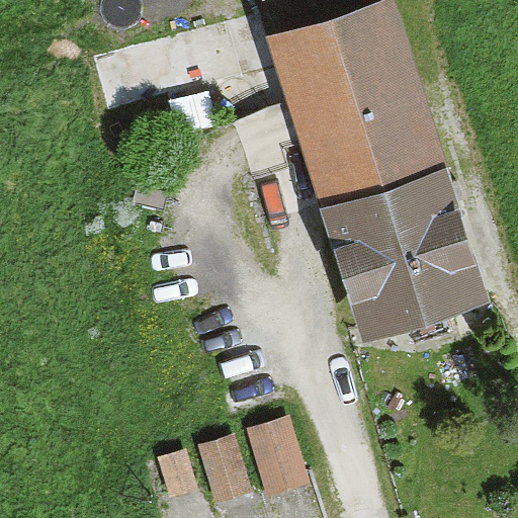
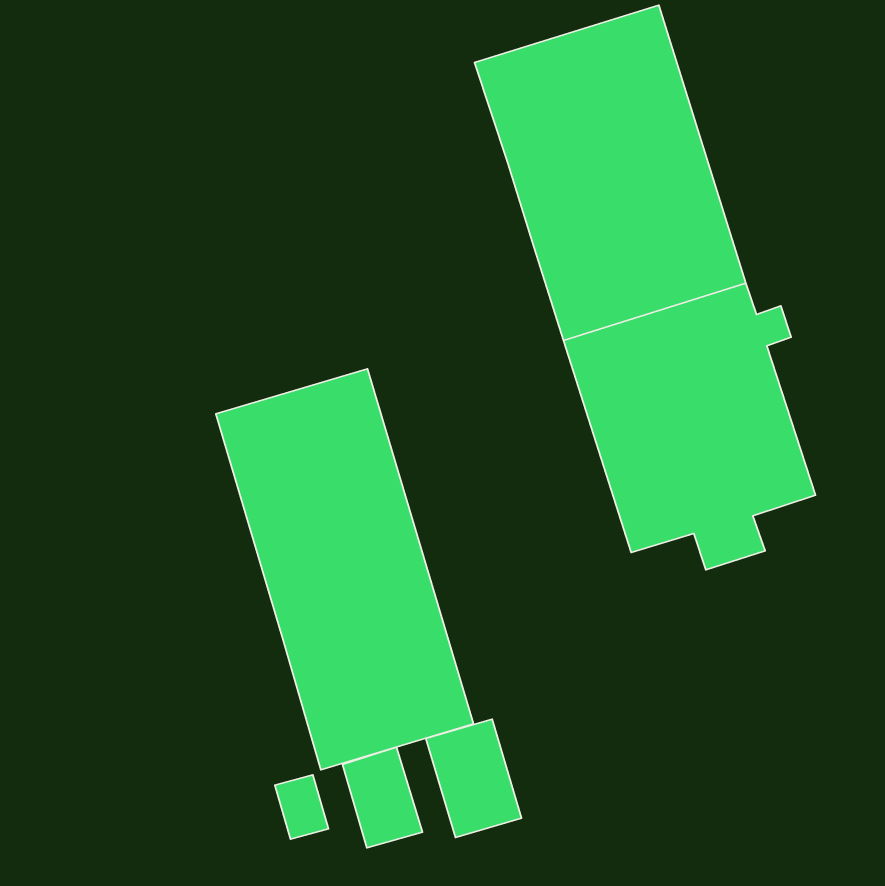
building: none -> [216,369,474,770]

